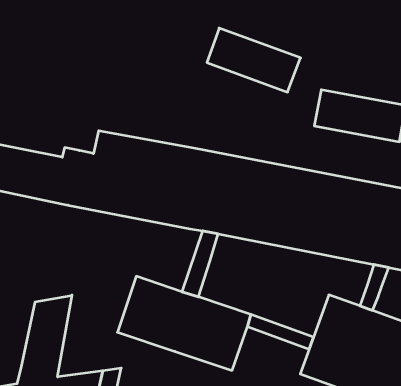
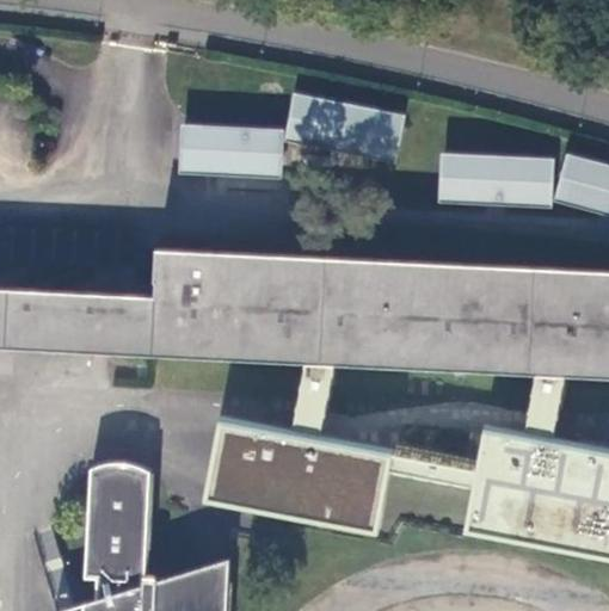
building: none -> [179,125,283,177]
building: none -> [85,463,150,579]

